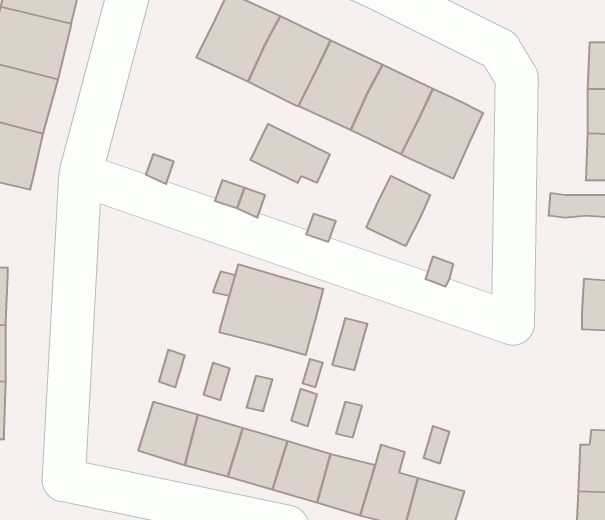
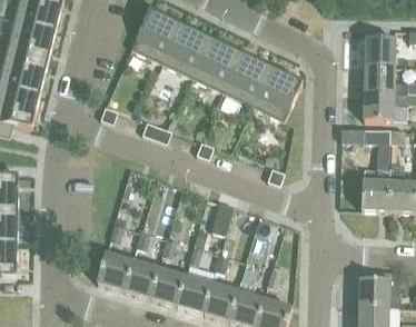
building: [250,124,330,183] -> none
building: [366,176,430,246] -> none
building: [219,264,323,355] -> none

